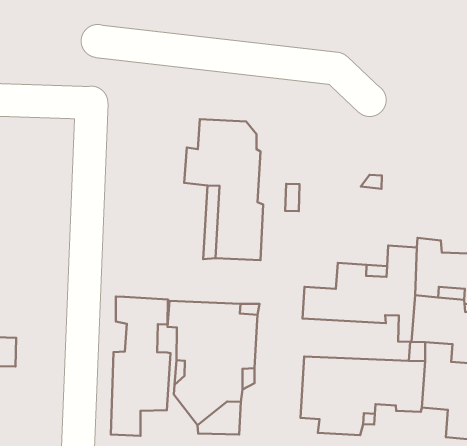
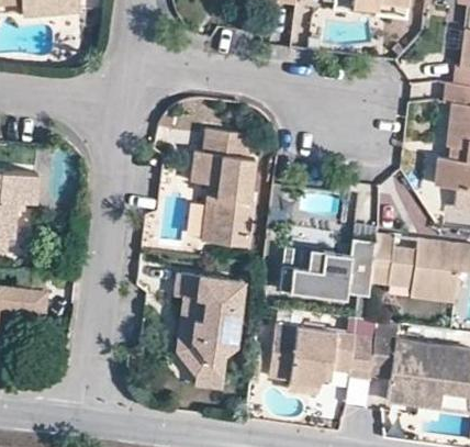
building: [111,297,171,436] -> none

